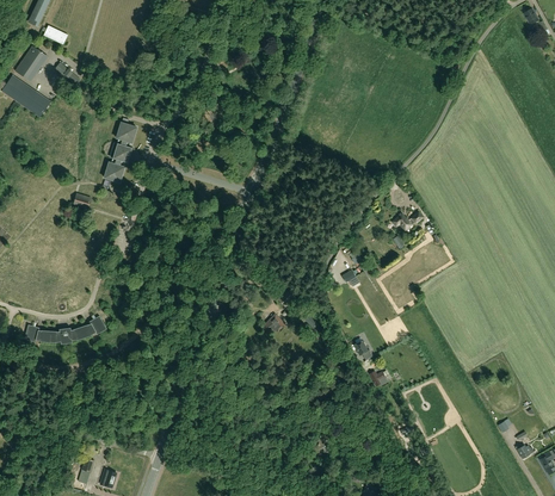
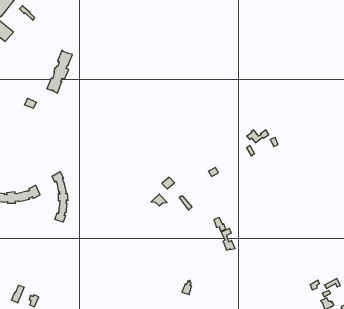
building: none -> [52,172,68,222]

